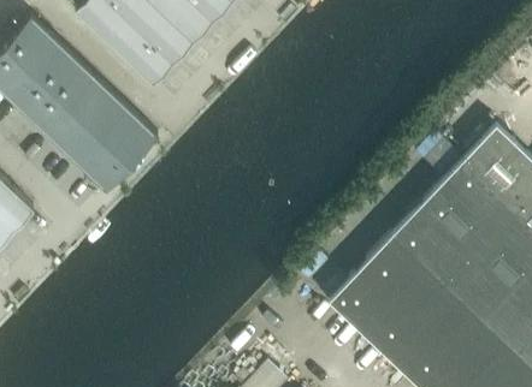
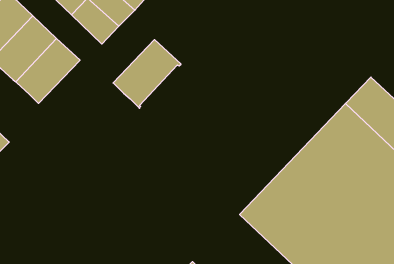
building: [72,106,159,194] -> [113,40,181,108]

